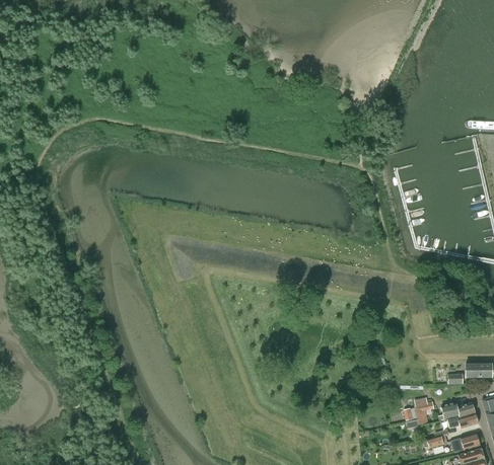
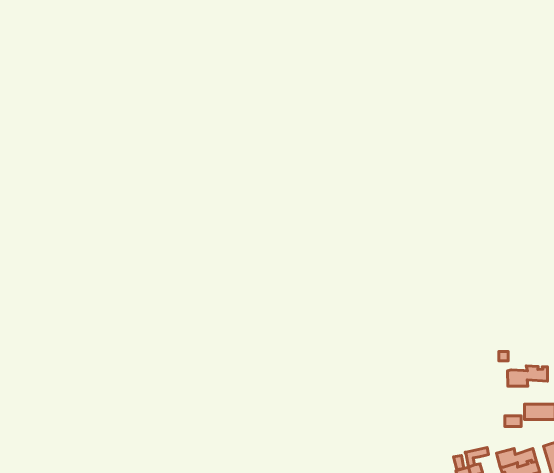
building: none -> [508,366,548,386]

